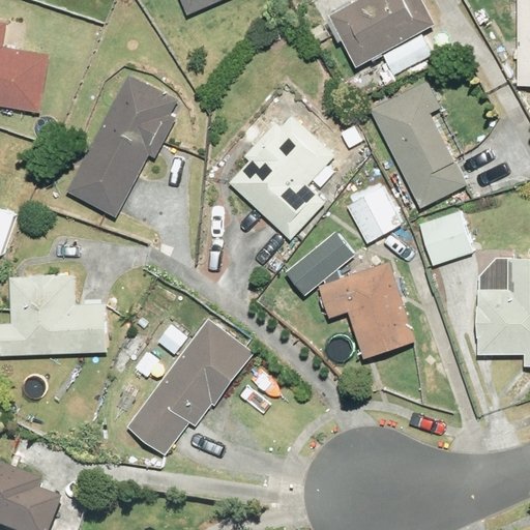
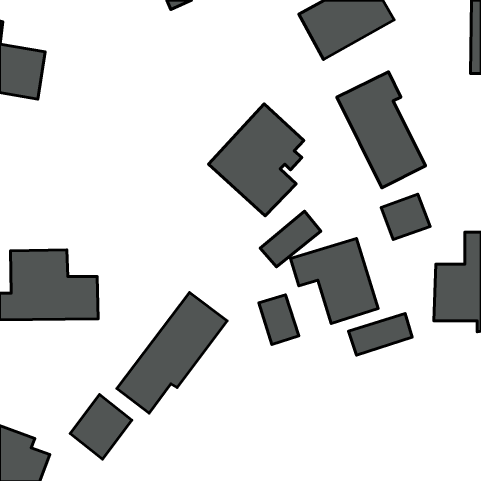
building: [67,73,179,216] -> none
building: [347,186,403,244] -> none
building: none -> [259,295,299,344]
building: none -> [349,314,412,355]
building: none -> [70,395,132,459]

